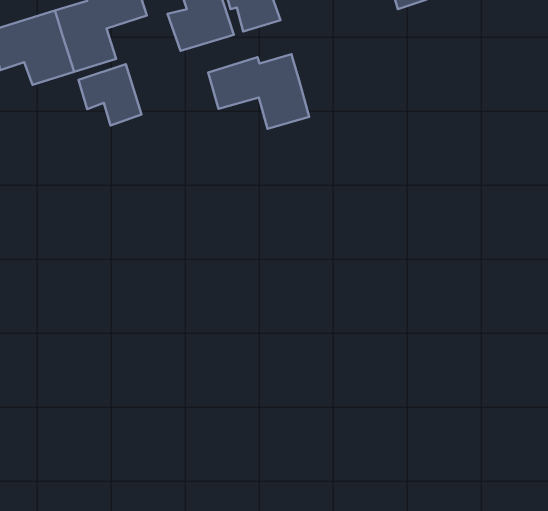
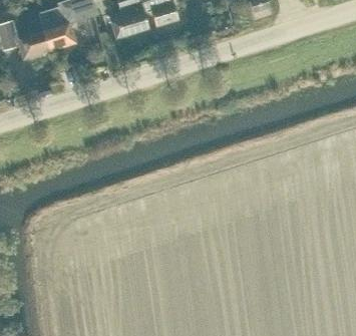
building: [208,54,309,129] -> none
building: [79,64,142,126] -> none

